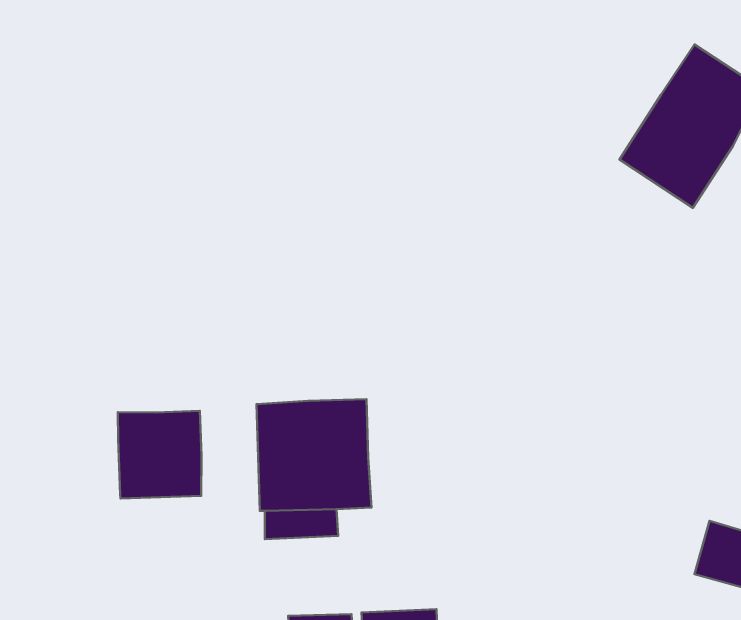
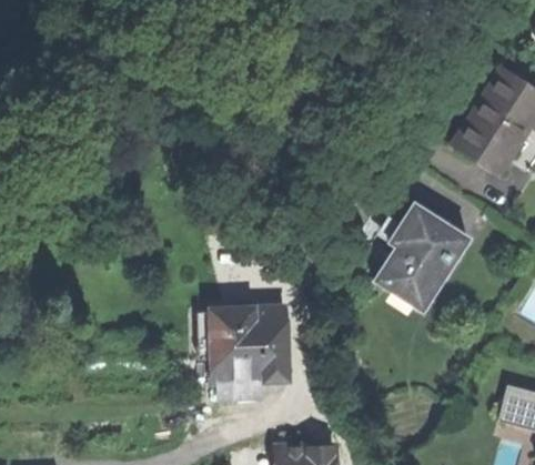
building: none -> [376,205,471,305]
building: [118,411,201,498] -> none

